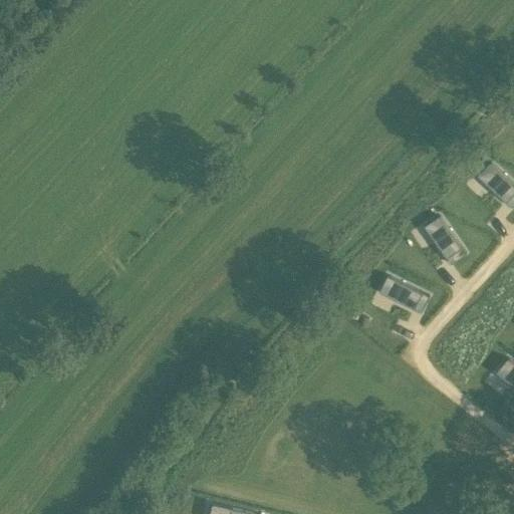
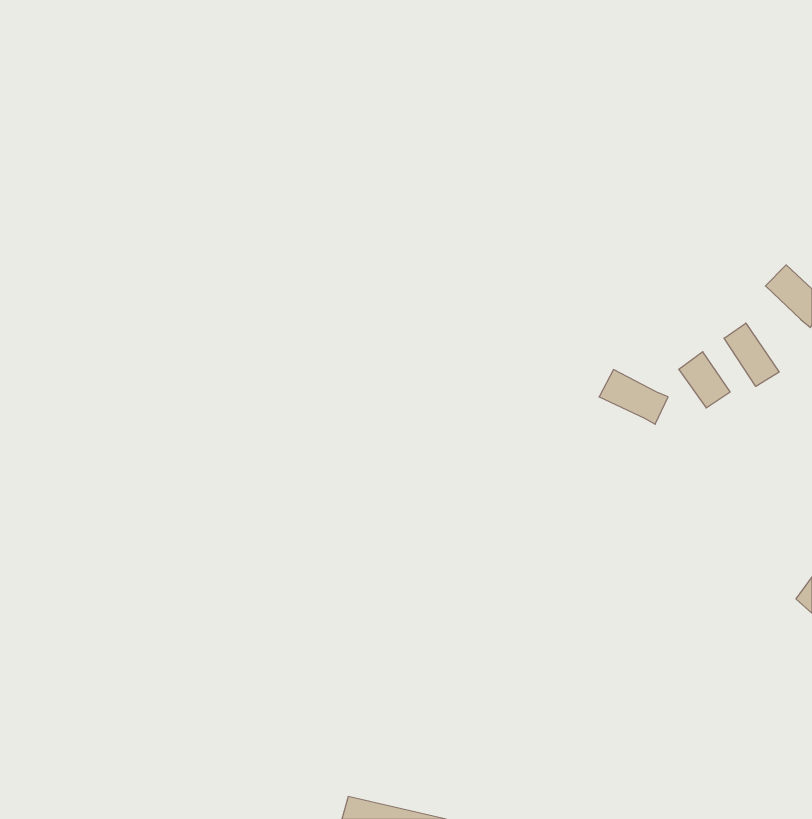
building: none -> [724,323,779,386]
building: [381,276,425,310] -> [599,370,668,424]

